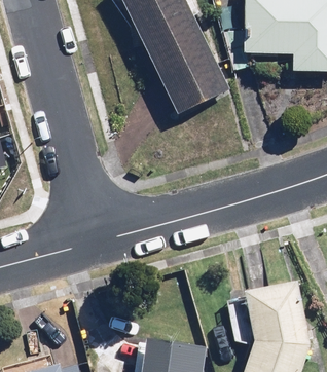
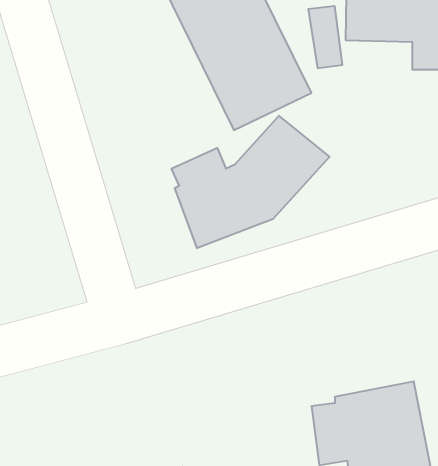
building: none -> [172,116,330,248]

